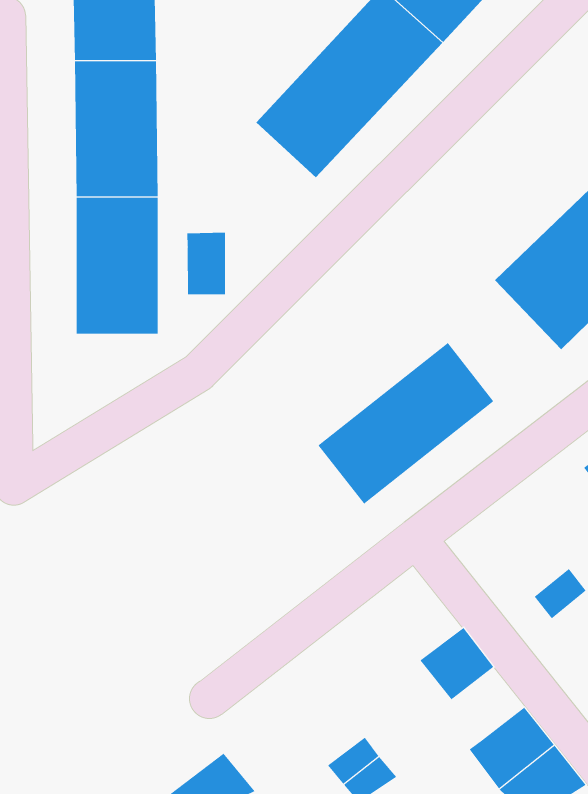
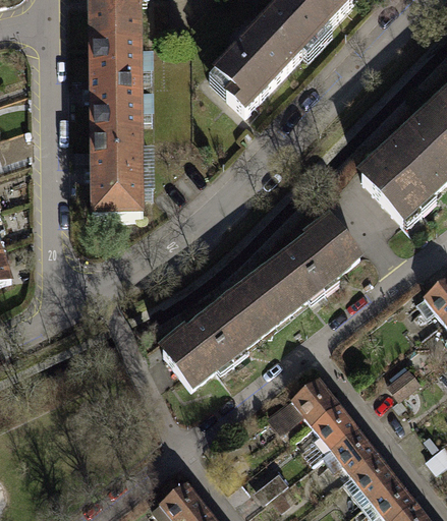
building: [187,232,226,295] -> none
building: none -> [161,285,274,388]
building: none -> [266,377,338,435]
building: none -> [322,426,377,473]

